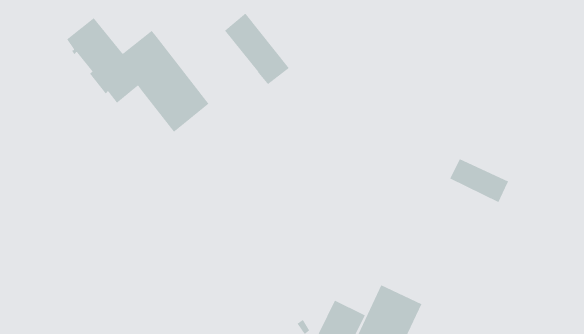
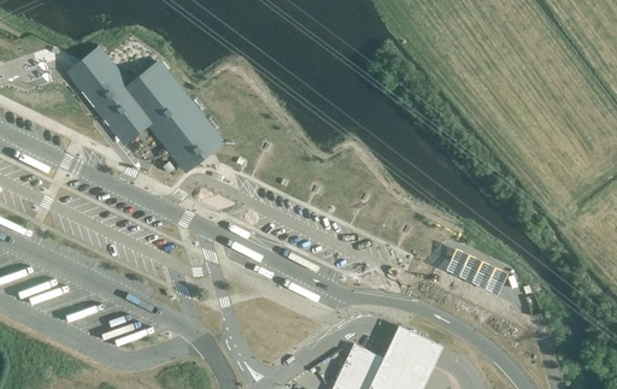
building: [223,13,290,85] -> none
building: [449,158,509,203] -> [445,249,507,296]

